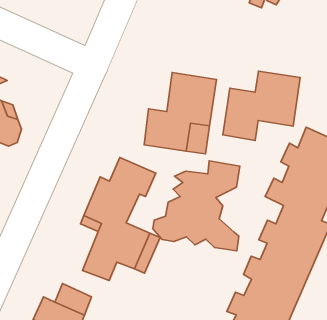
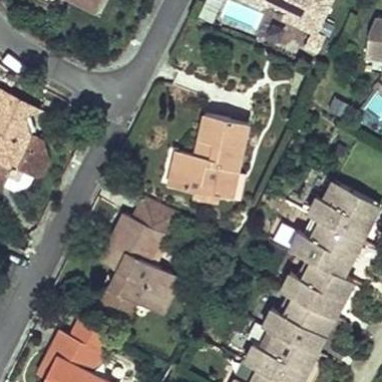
building: [223,71,300,141] -> none
building: [153,161,240,251] -> none

